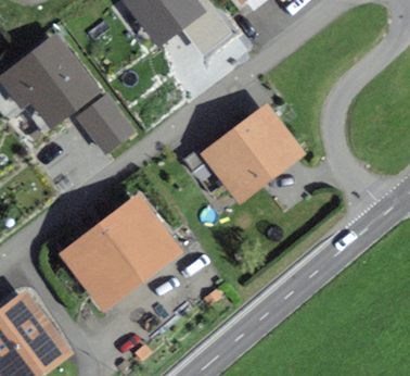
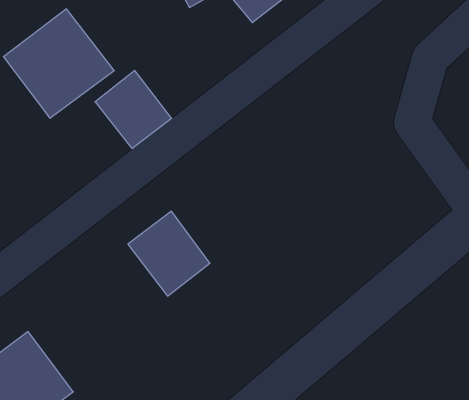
building: [183,116,291,192] -> none
building: [68,231,134,299] -> none

